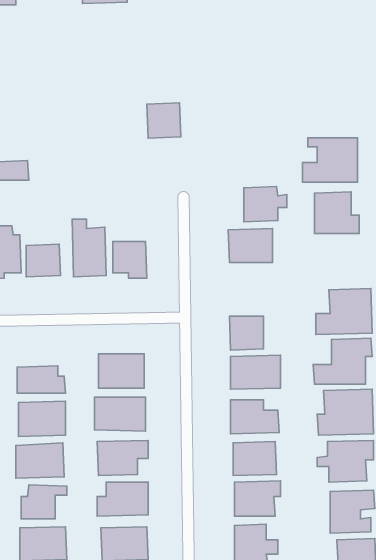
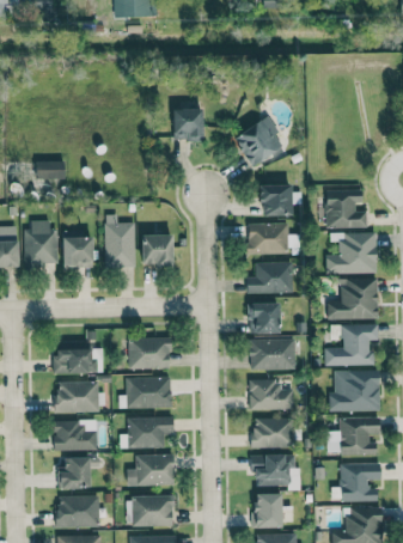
building: none -> [233,115,282,166]
building: [303,138,358,182] -> [325,232,375,273]
building: none -> [245,262,292,293]

